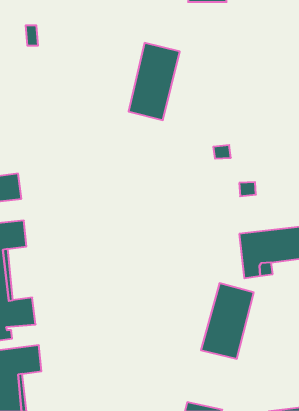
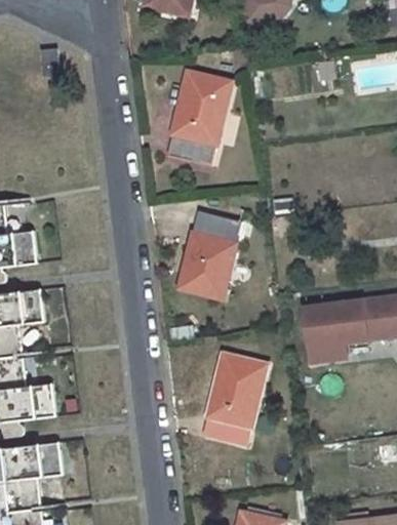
building: none -> [181,211,241,297]
building: [201,283,254,359] -> [201,354,266,446]

